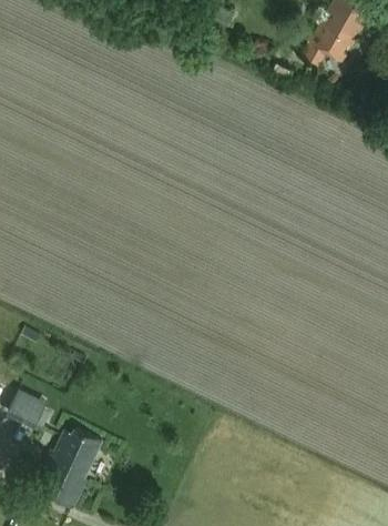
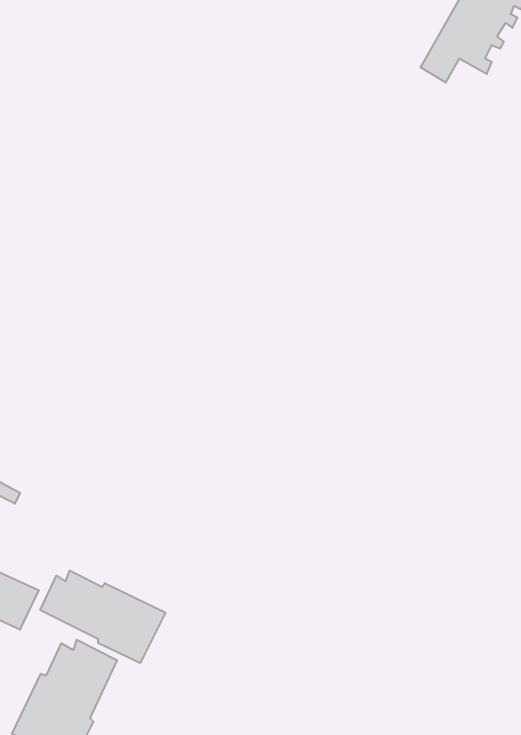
building: none -> [40,571,165,663]

